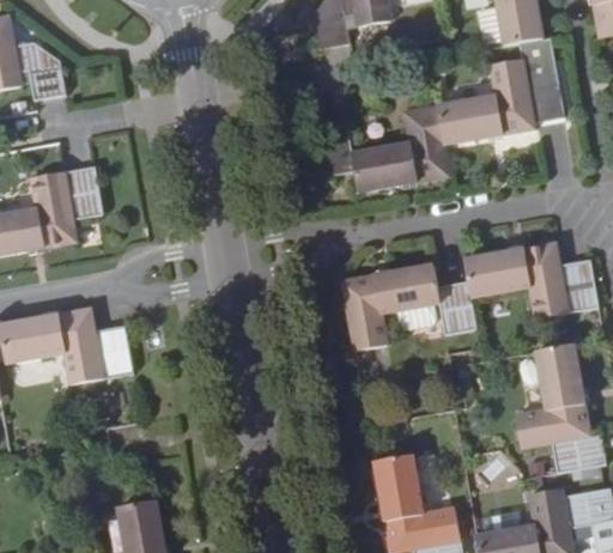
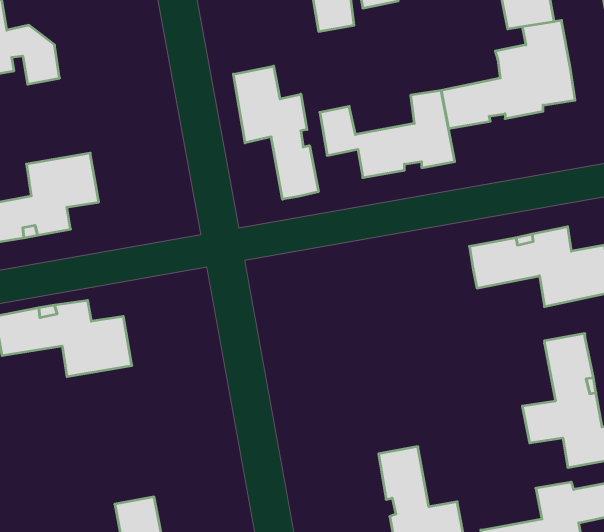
building: none -> [233,66,318,199]
building: [341,262,474,350] -> none

